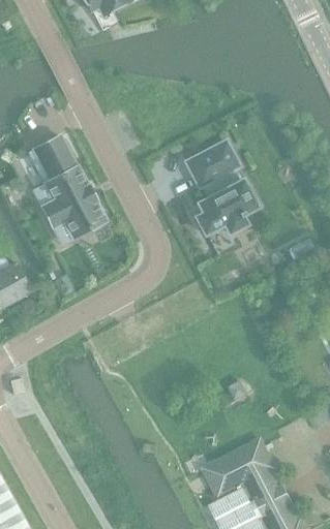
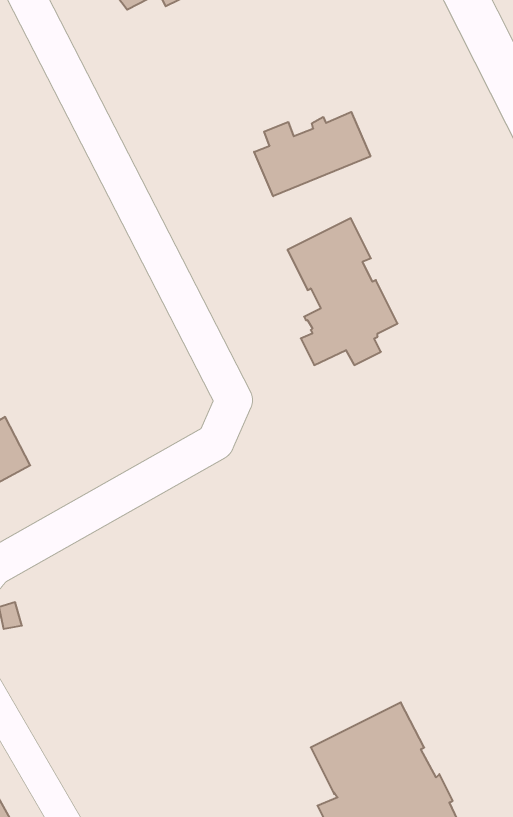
building: none -> [254,112,370,196]
building: [32,135,106,235] -> none

